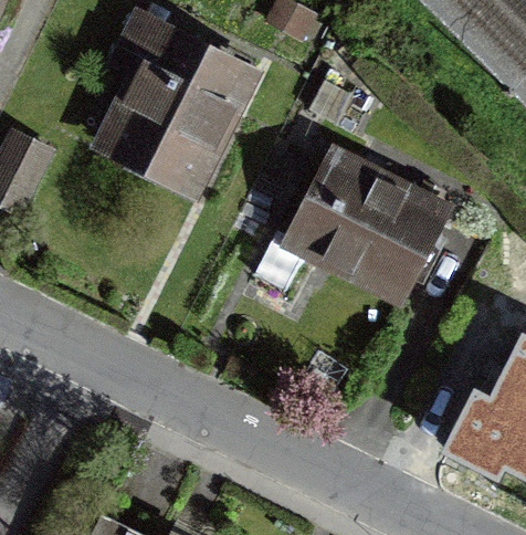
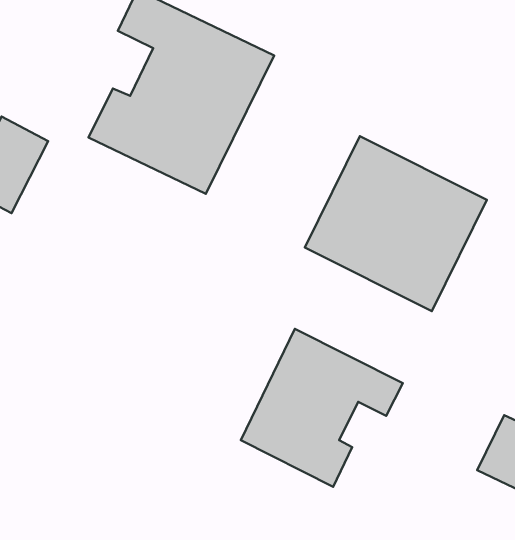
building: none -> [241,329,403,487]

